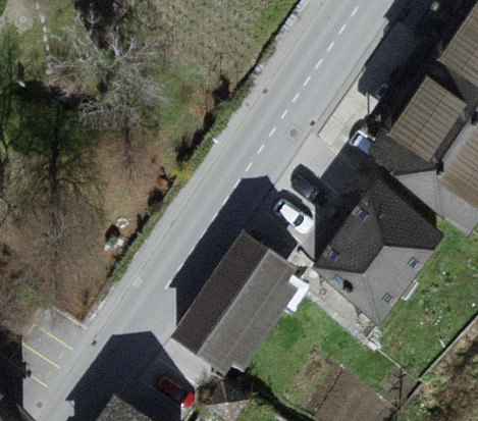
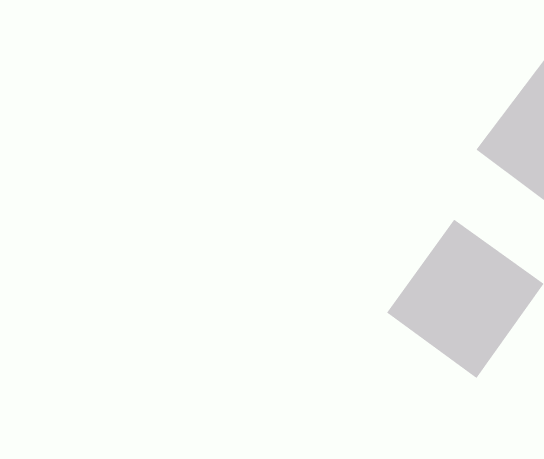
building: [179,239,289,364] -> none

